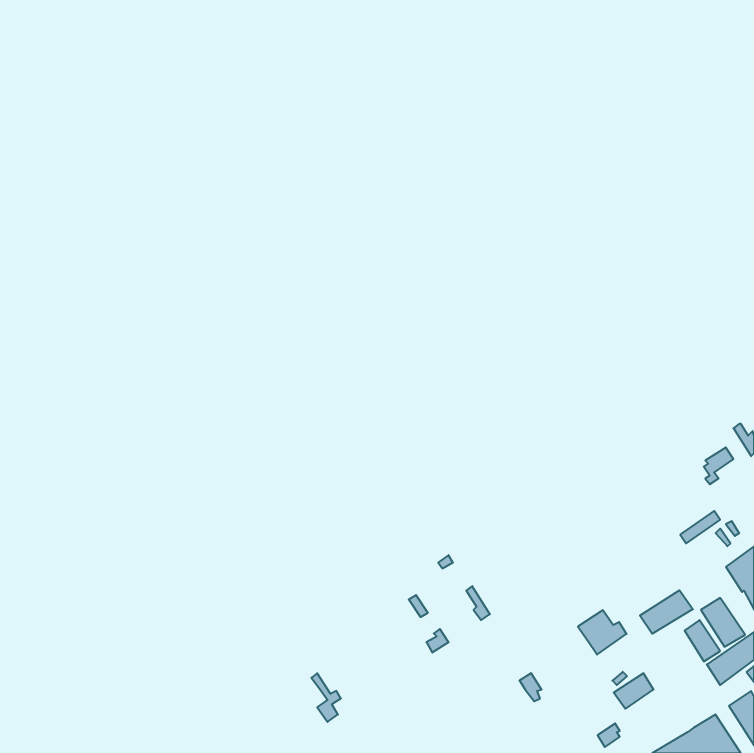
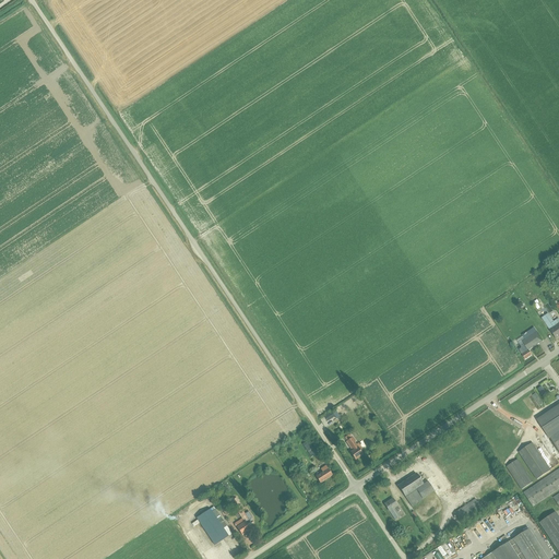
building: [640,590,693,634] -> none
building: [578,610,627,655] -> [397,473,433,506]
building: none -> [197,508,228,545]

